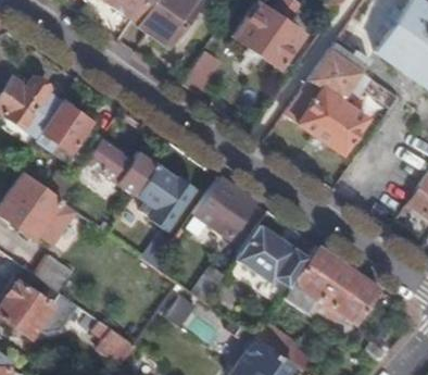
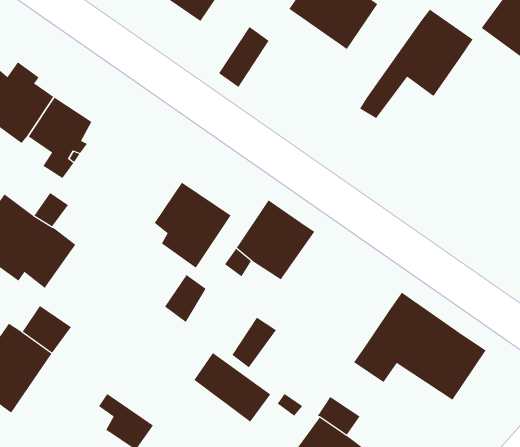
building: [299,88,367,154] -> none
building: [88,138,156,196] -> none
building: [238,225,310,288] -> none

